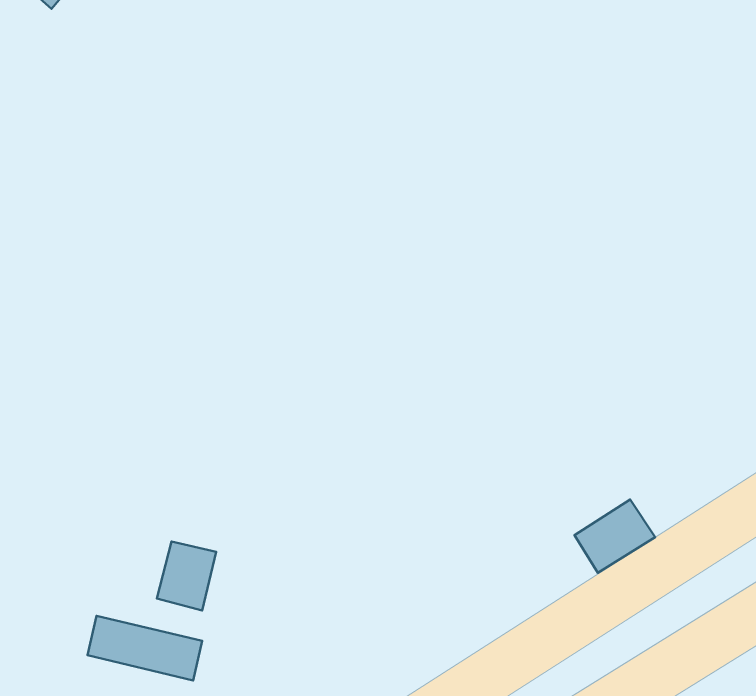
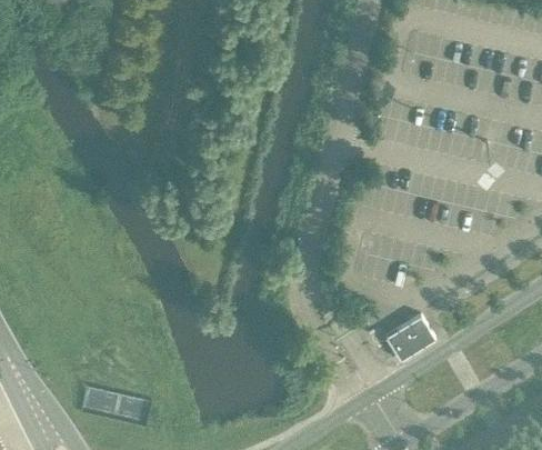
building: [157,541,216,610] -> none

